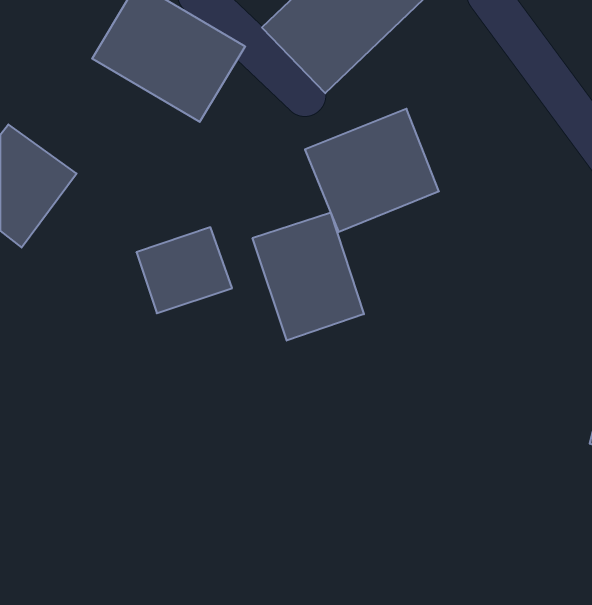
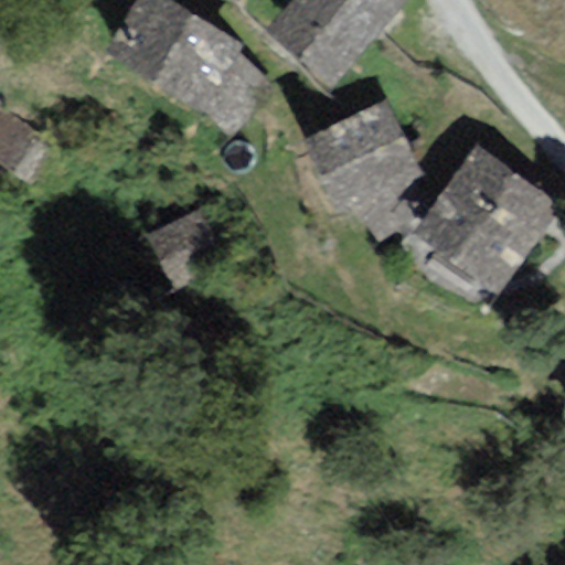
building: none -> [409,148,552,291]
building: [253,212,364,341] -> none

